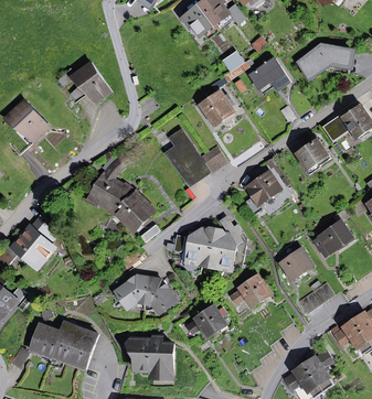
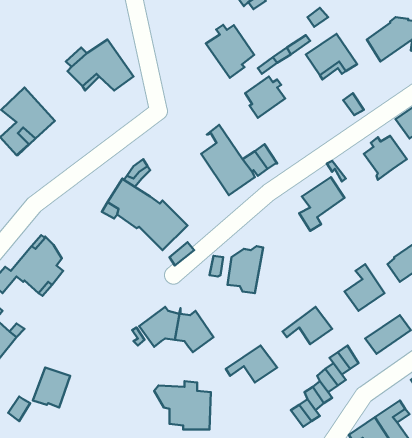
building: none -> [206,25,254,78]
building: [208,222,245,268] -> none
building: [49,322,96,366] -> none

